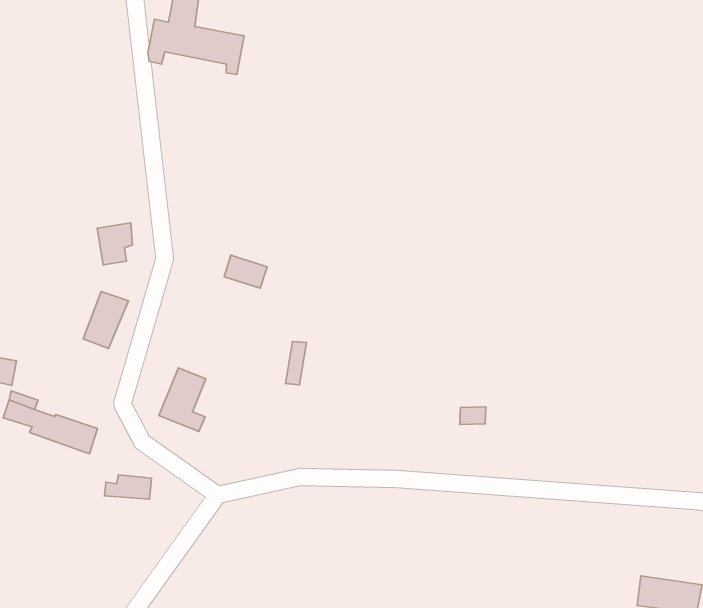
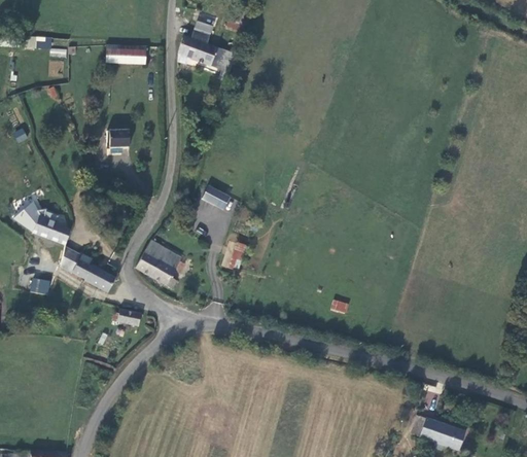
building: none -> [108,43,146,61]
building: [97,223,132,265] -> [109,130,130,152]
building: [83,291,128,349] -> [135,240,166,275]

